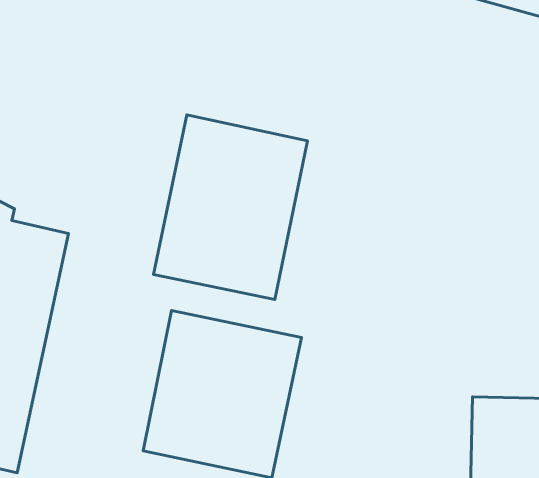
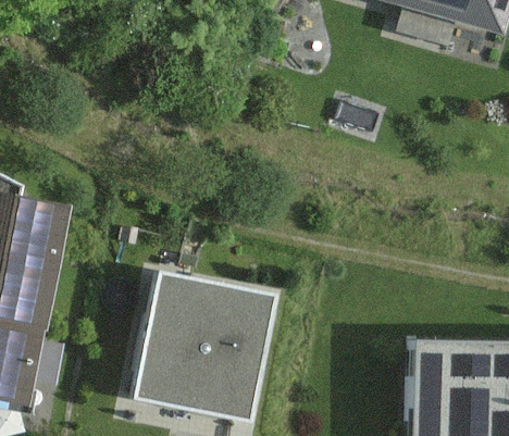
building: [154,115,308,299] -> none

